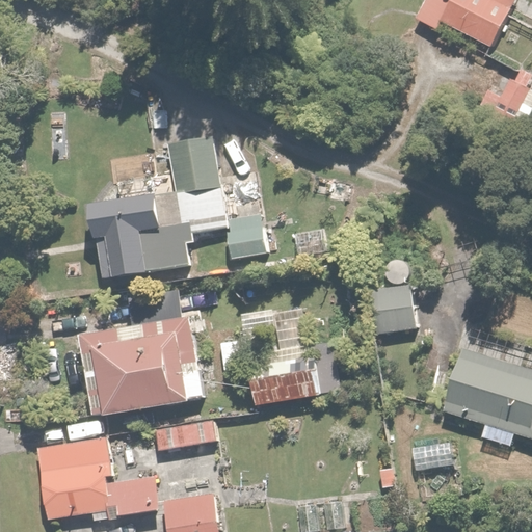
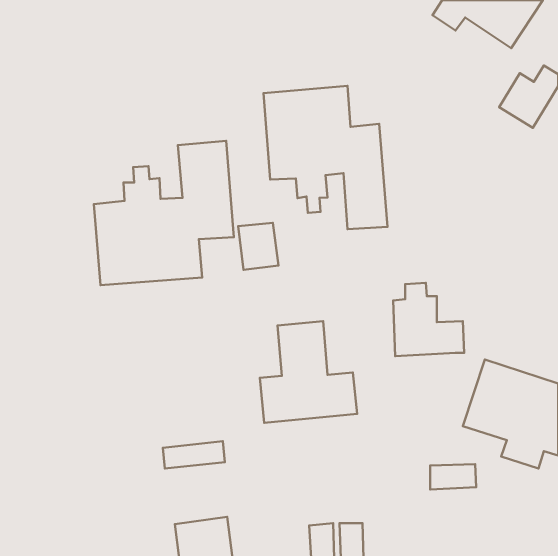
building: none -> [264,86,387,229]
building: [76,317,204,416] -> none
building: [39,440,160,521] -> none

